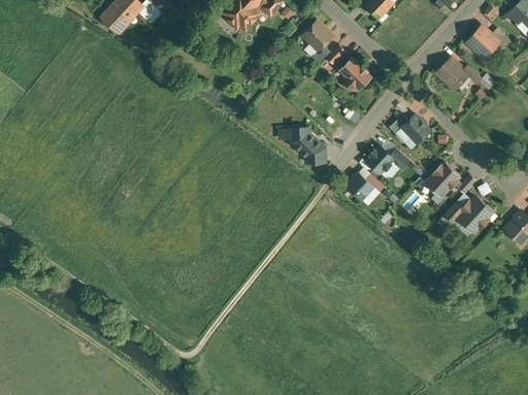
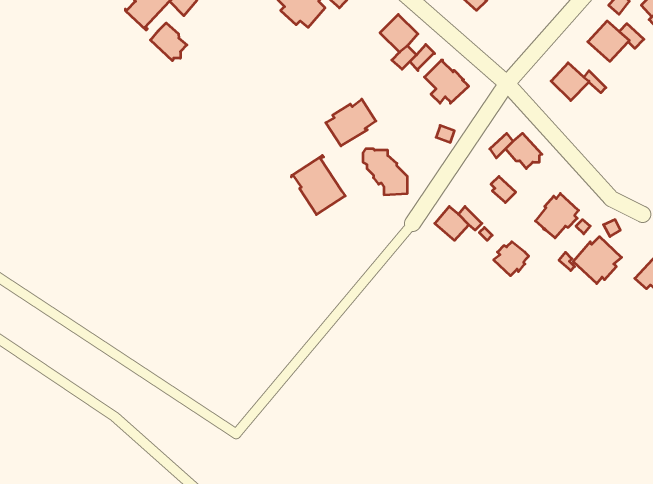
building: none -> [150,23,187,61]
building: none -> [326,99,376,146]
building: none -> [291,155,345,215]
building: [365,146,393,173] -> [494,242,529,276]

